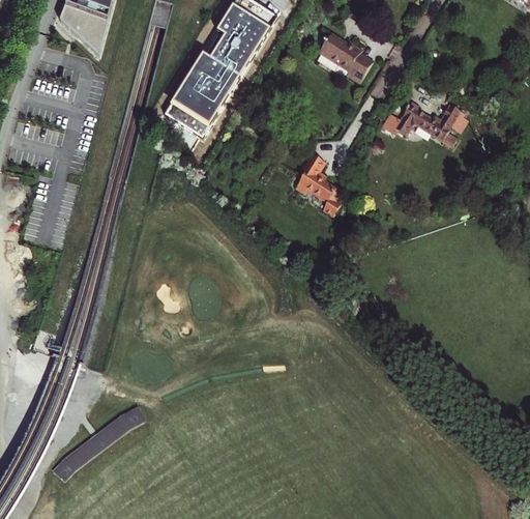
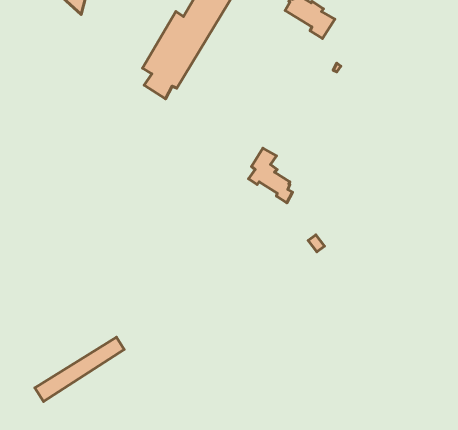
building: [383,102,464,146] -> none
building: [295,152,343,211] -> [249,148,293,203]

